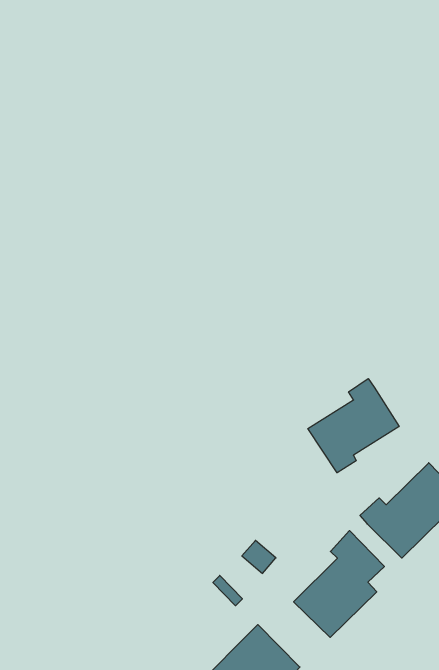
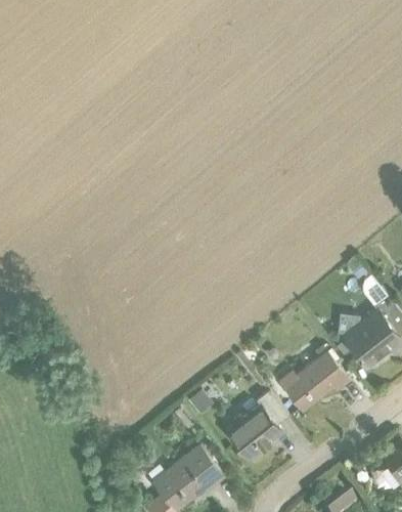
building: [308,379,399,473] -> none

